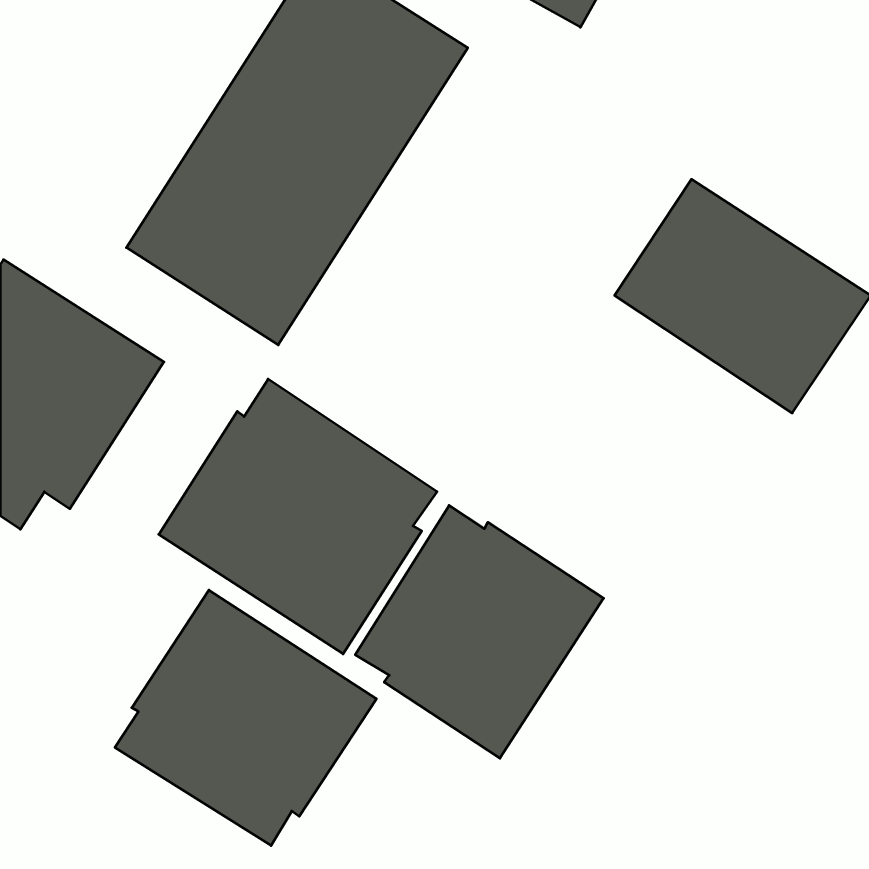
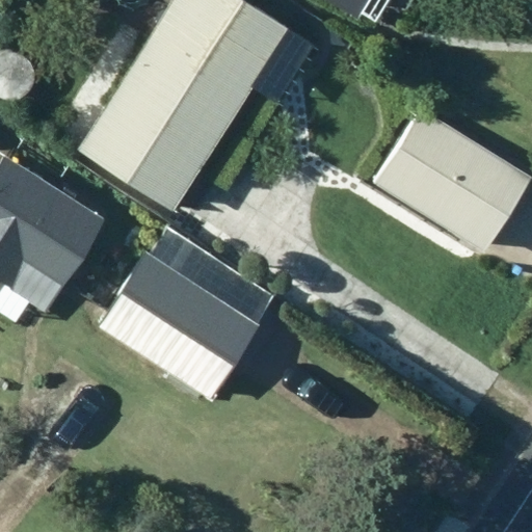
building: [355,505,604,758] -> none
building: [115,590,376,846] -> none

